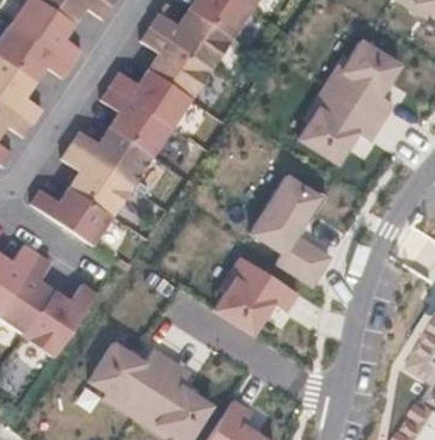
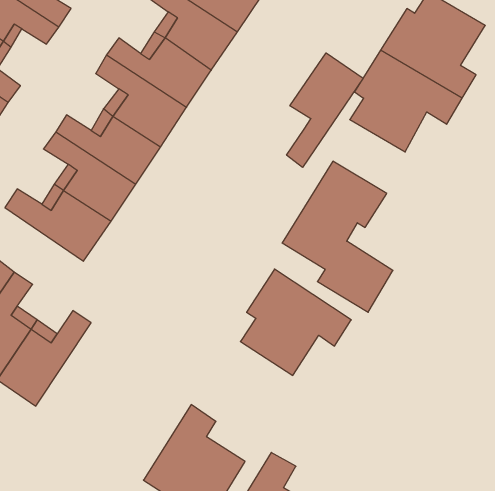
building: none -> [287,53,363,167]
building: [87,336,176,416] -> none

